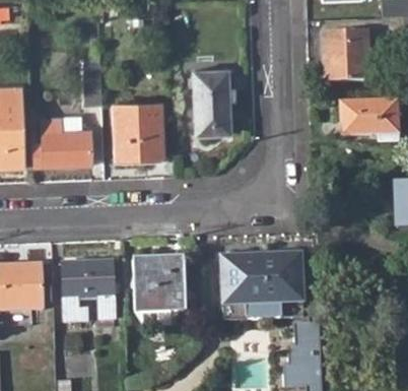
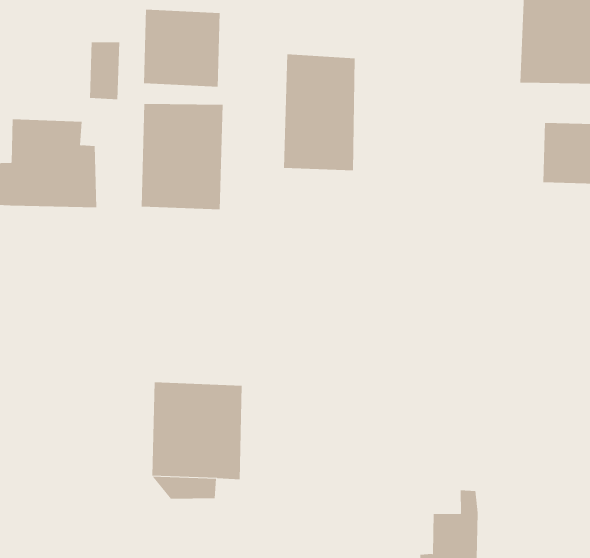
building: none -> [144,9,220,87]
building: [217,252,301,318] -> none
building: [60,259,112,323] -> none

